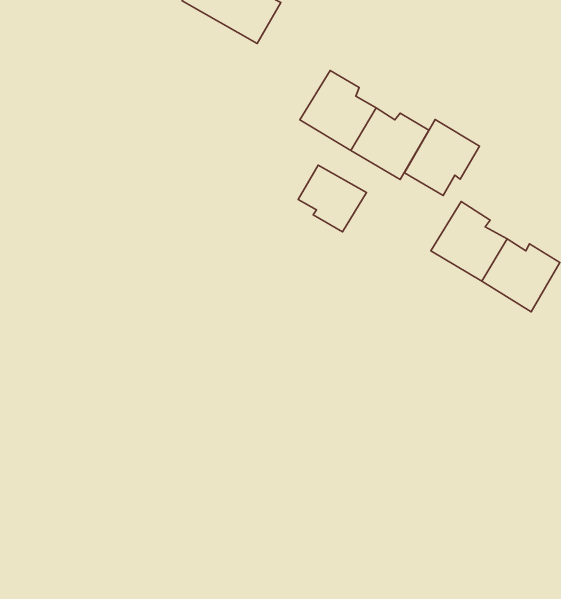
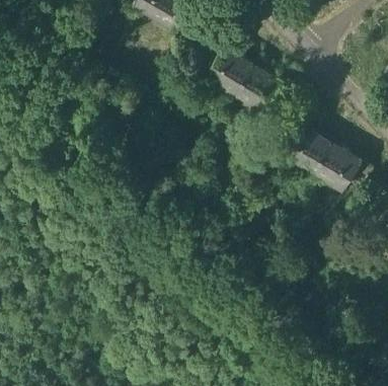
building: [405,119,479,196] -> none
building: [298,165,366,232] -> none

